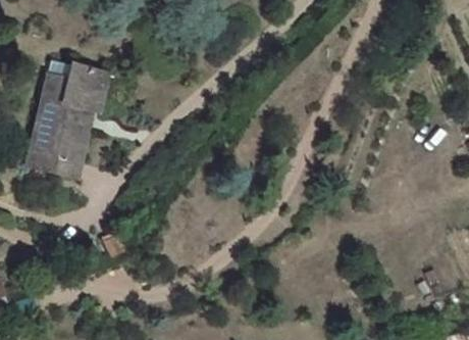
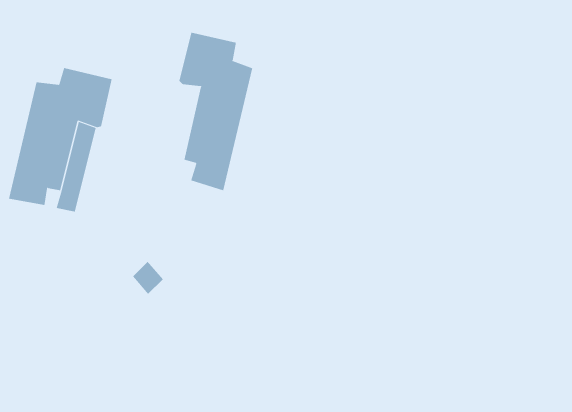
building: none -> [179,32,253,191]

